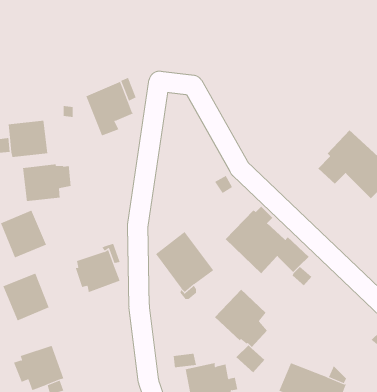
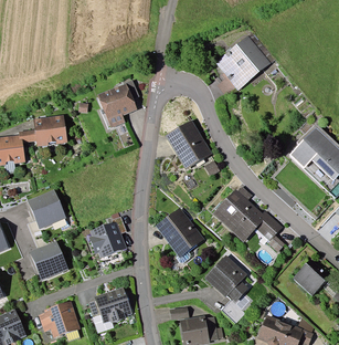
building: none -> [215,36,271,91]
building: none -> [165,119,212,170]
building: [23,164,71,202] -> none
building: none -> [292,258,329,295]
building: none -> [94,286,131,323]

